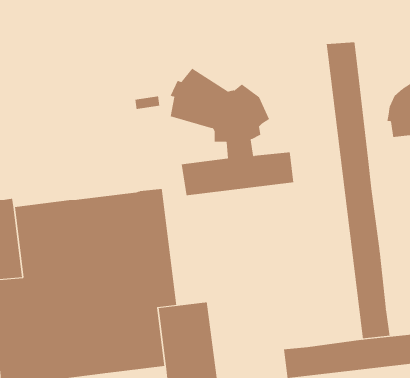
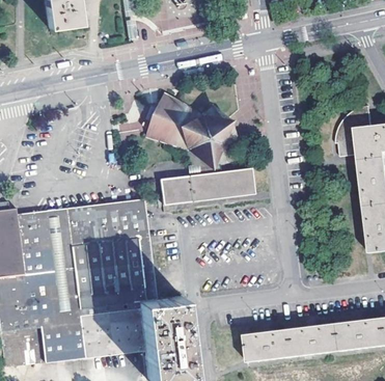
building: [326,41,390,339] -> none

